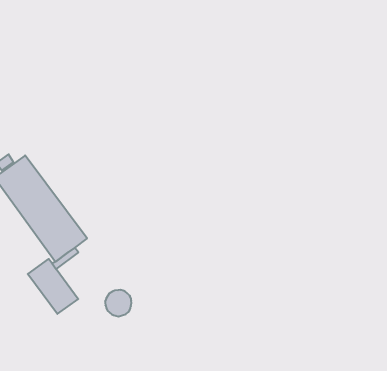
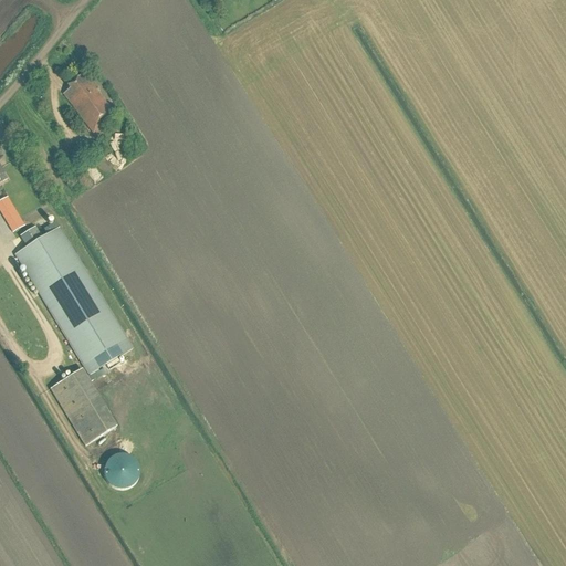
building: none -> [62,70,116,130]
building: [105,290,131,316] -> [104,452,139,488]

